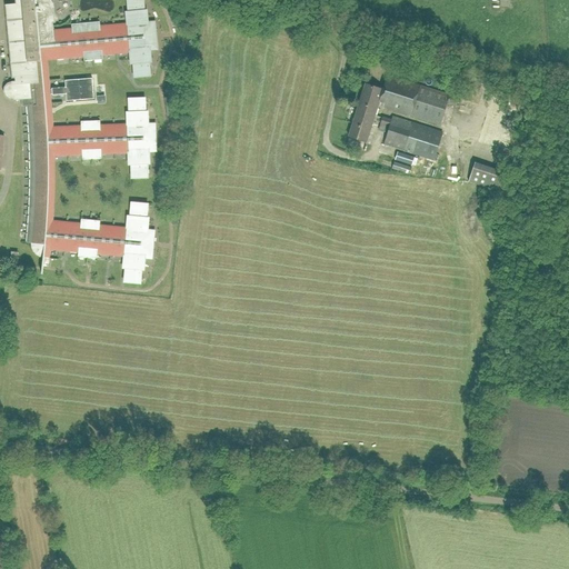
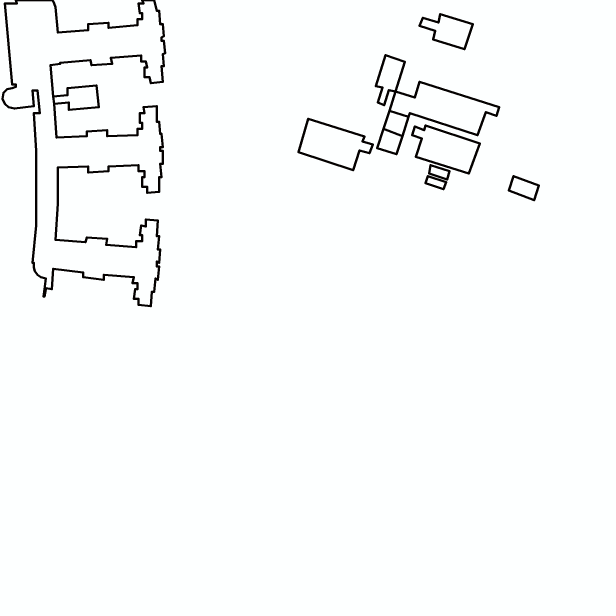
building: none -> [419,14,473,49]
building: none -> [376,55,405,105]
building: none -> [299,119,373,170]

